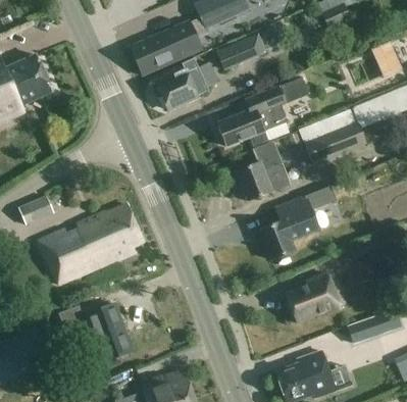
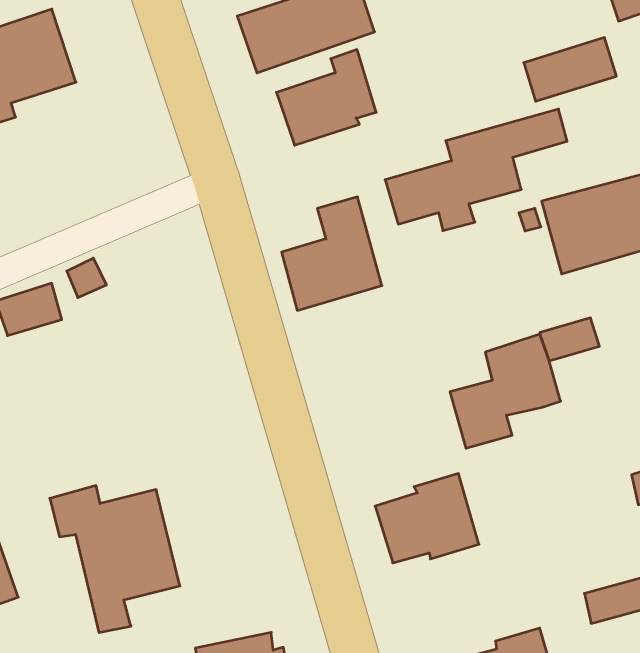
building: [216,35,265,71] -> [524,38,616,101]
building: [237,141,291,203] -> [282,197,382,310]
building: [36,200,142,283] -> none
building: [285,273,341,323] -> [375,474,479,563]

